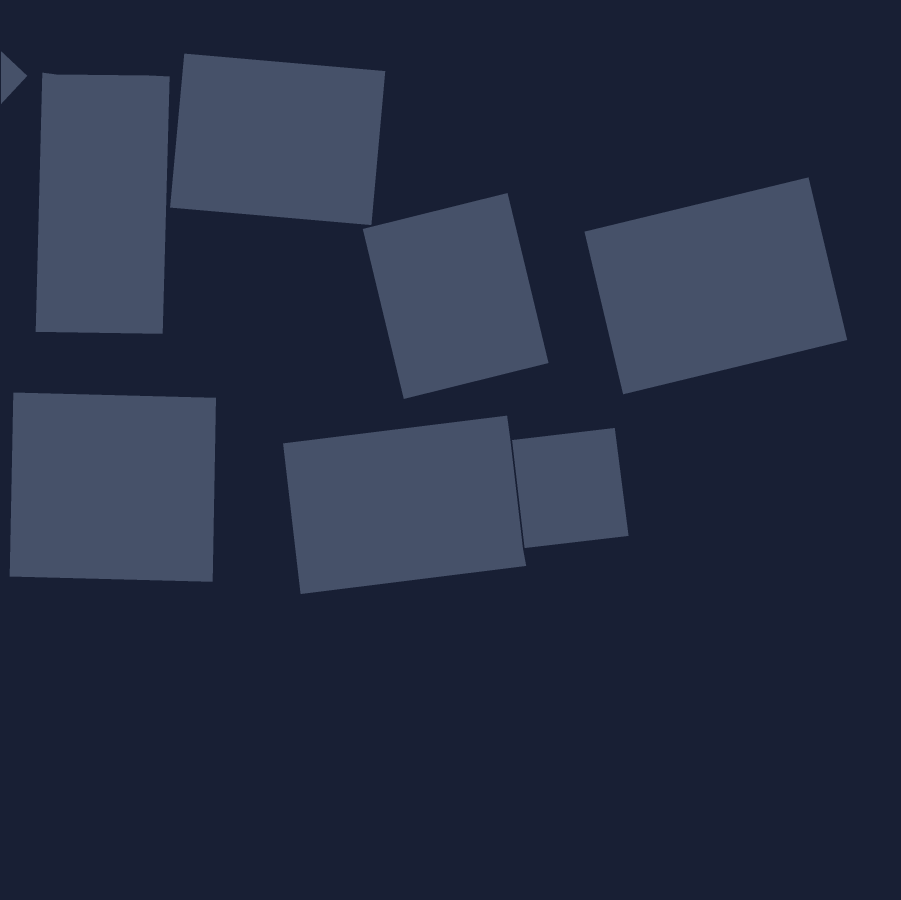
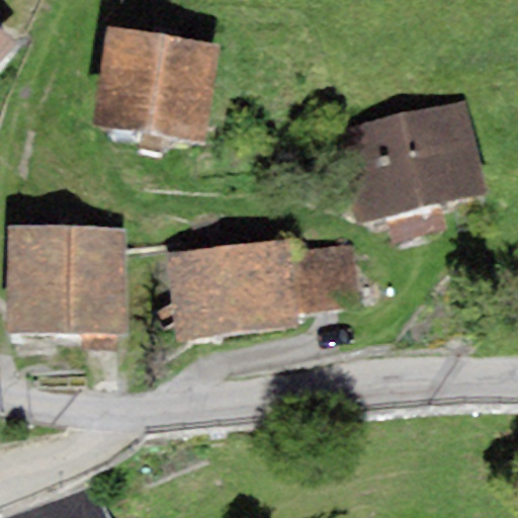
building: [35,72,170,335] -> none
building: [362,192,550,400] -> none

